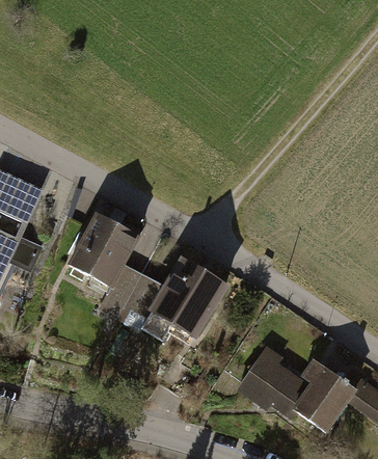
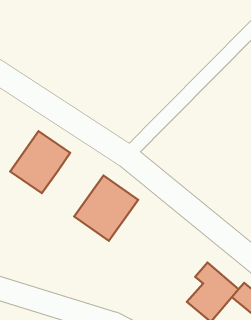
building: [96,263,165,334] -> none
building: [238,346,311,414] -> none

